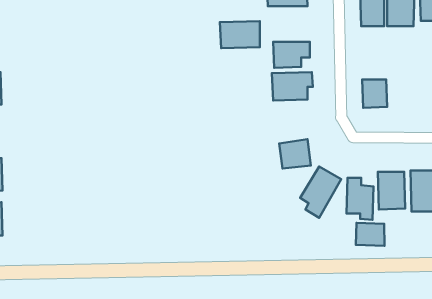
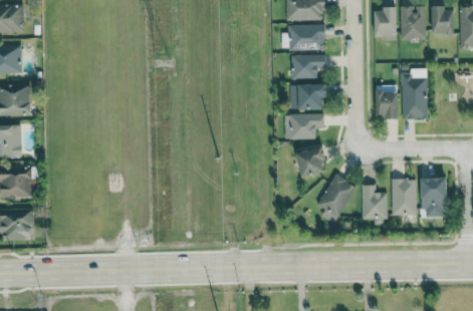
building: [220,21,260,48] -> [286,24,324,50]
building: none -> [401,70,427,118]
building: none -> [284,113,323,139]
building: [356,223,384,246] -> none

